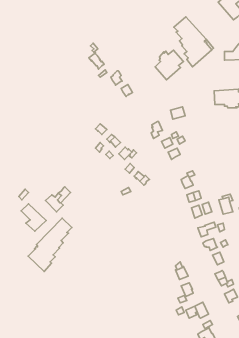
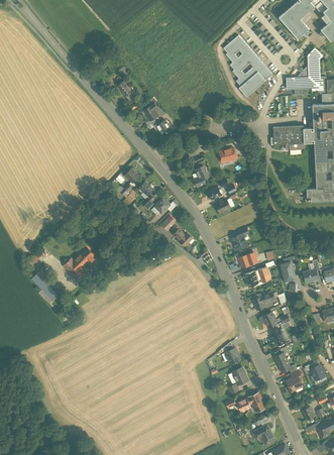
building: [155,50,183,80] -> none
building: [28,218,72,271] -> none

